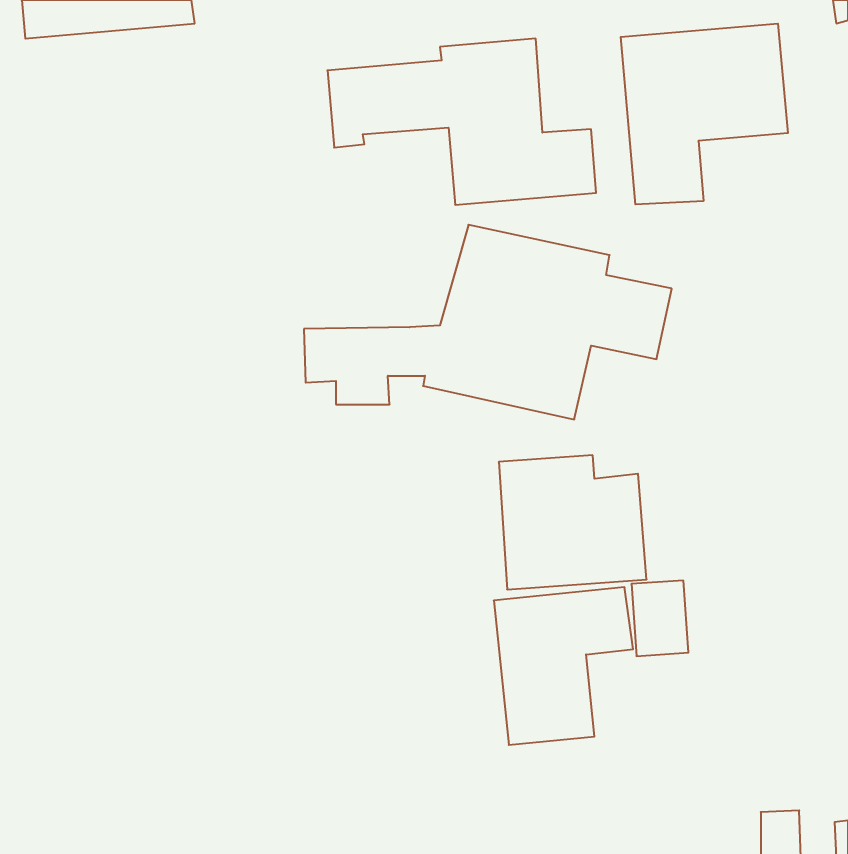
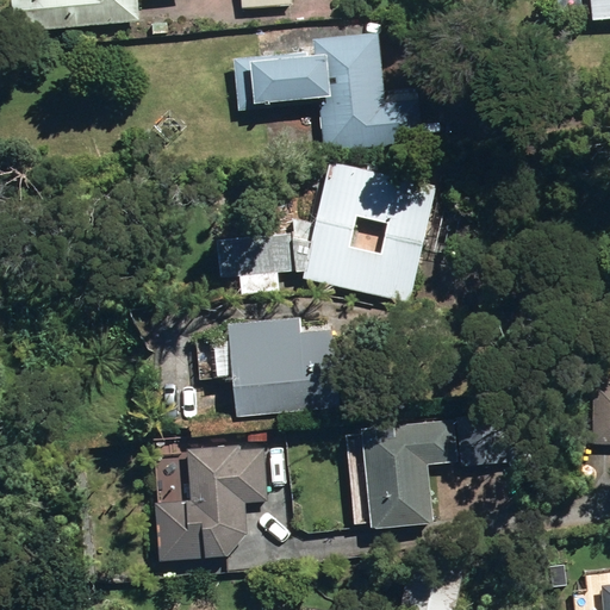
building: [621,24,788,204] -> none
building: [499,455,647,589] -> [234,317,338,412]
building: none -> [142,448,259,565]

